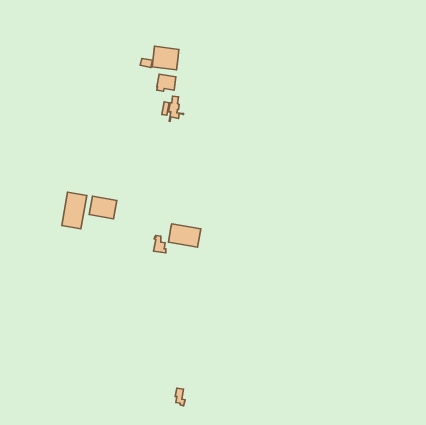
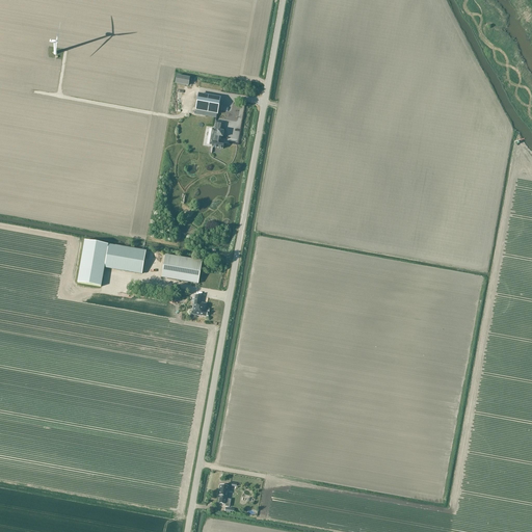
building: [152,46,179,70] -> none
building: [168,224,201,247] -> [161,254,202,283]

